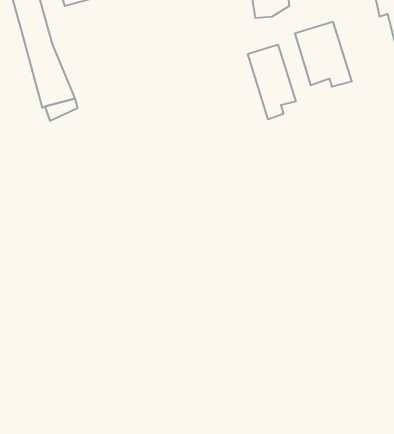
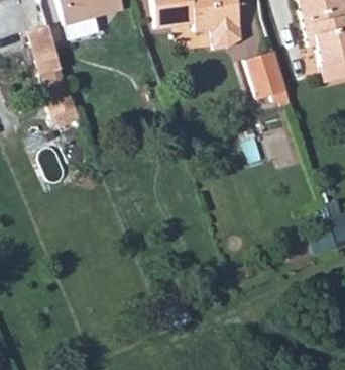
building: [248,45,296,119] -> none

